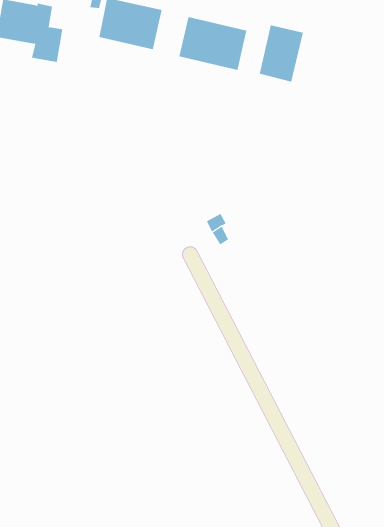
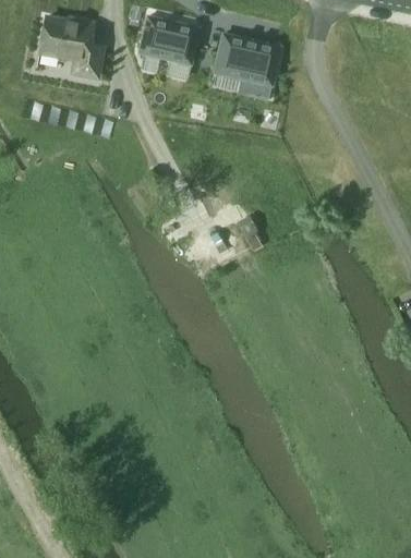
building: [259,24,303,83] -> none

